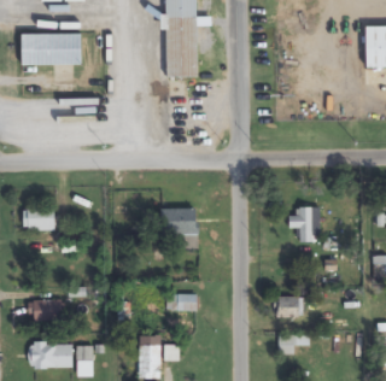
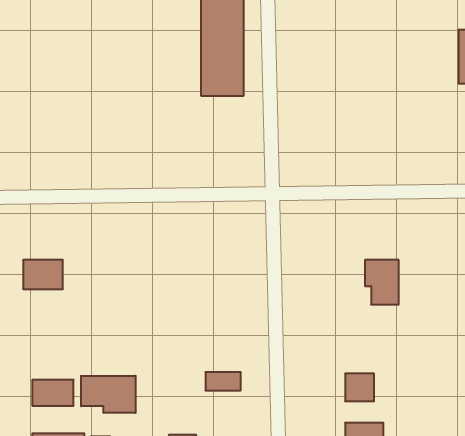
building: [22,33,82,65] -> none
building: [160,207,198,235] -> none
building: none -> [81,376,136,413]

